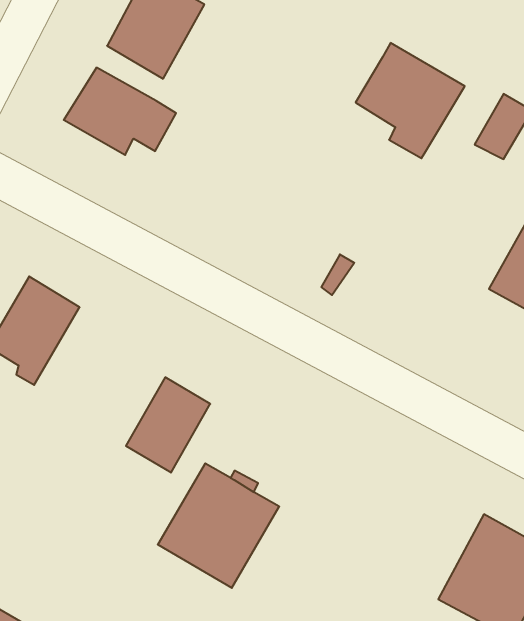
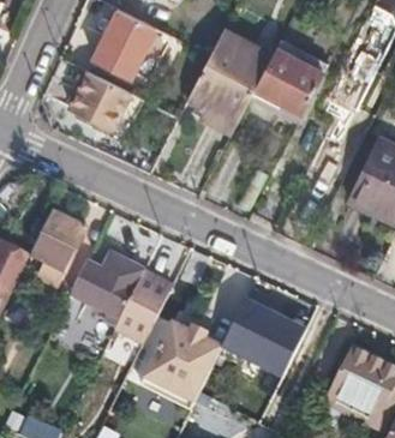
building: none -> [186,30,271,122]
building: none -> [68,250,144,319]
building: none -> [226,299,304,367]

